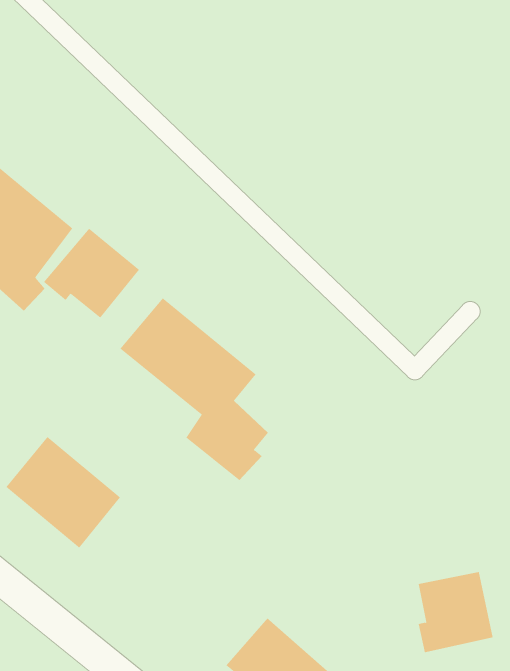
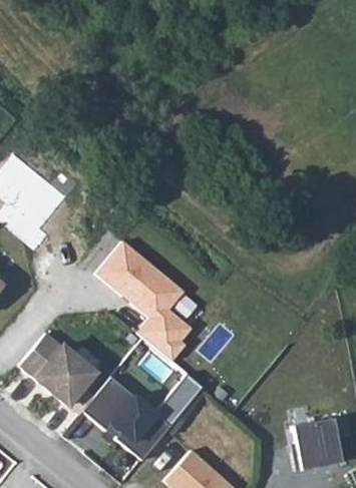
building: [43,228,140,319] -> none
building: none -> [82,376,202,460]

